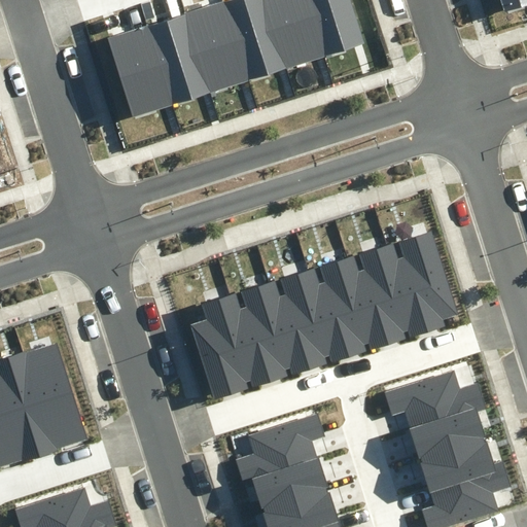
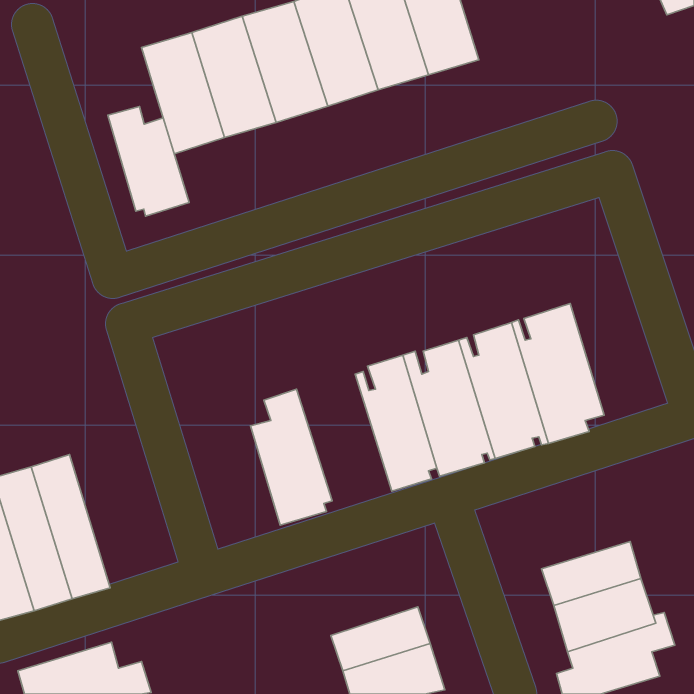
building: none -> [108,107,189,216]
building: [224,283,296,386] -> none
building: [384,371,485,430] -> none
building: [235,413,324,484] -> none

